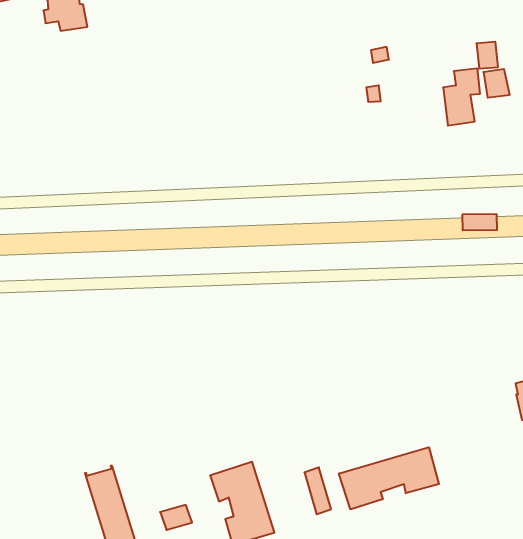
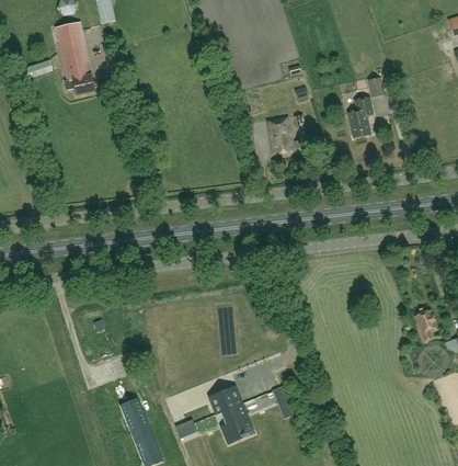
building: none -> [267,116,294,154]
building: [339,447,439,509] -> none

